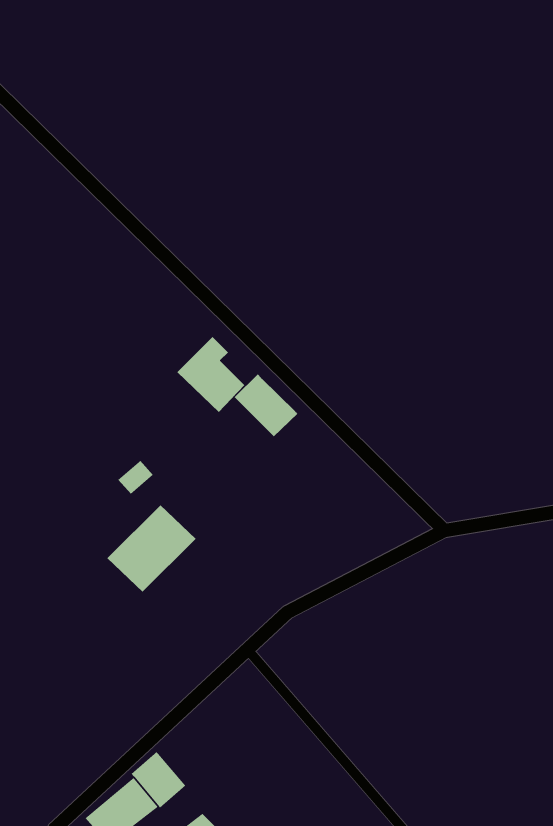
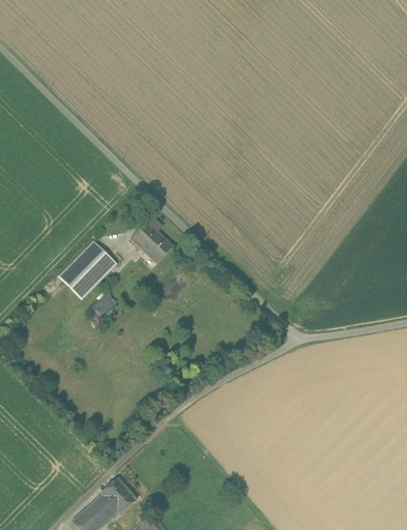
building: [234,374,298,437] -> none
building: [107,504,196,593] -> [59,241,116,297]

